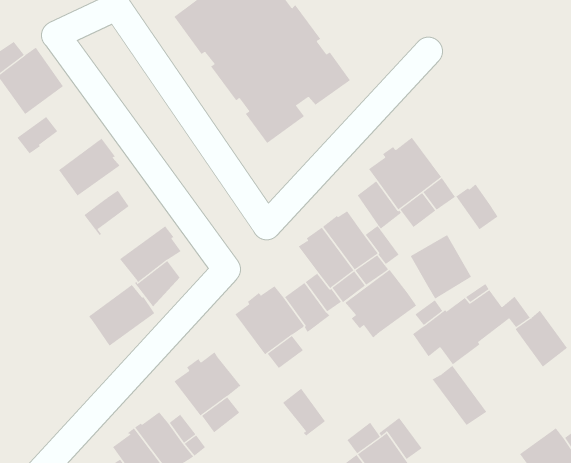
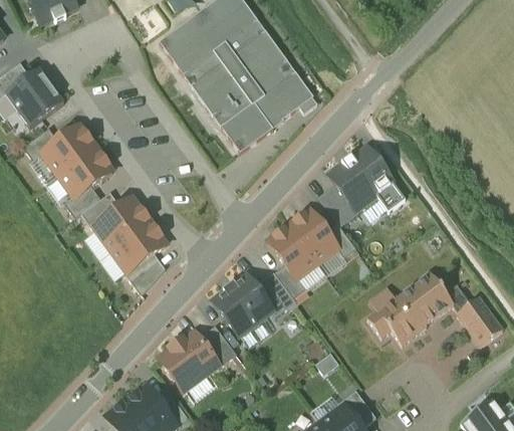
building: none -> [43,126,97,175]
building: none -> [65,186,101,218]
building: [456,183,499,230] -> none
building: [410,234,472,299] -> none
building: [344,270,418,338] -> none
building: [88,284,155,346] -> [94,198,153,252]
building: [432,365,487,426] -> none
building: [282,388,326,436] -> [199,325,237,367]

